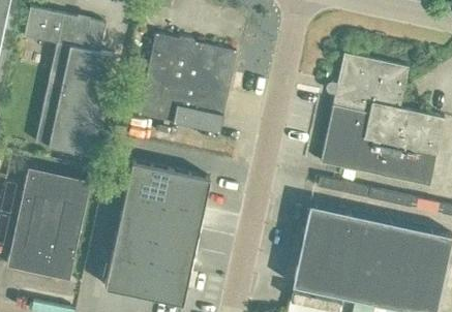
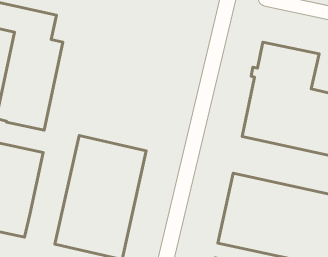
building: [139,36,237,134] -> none

